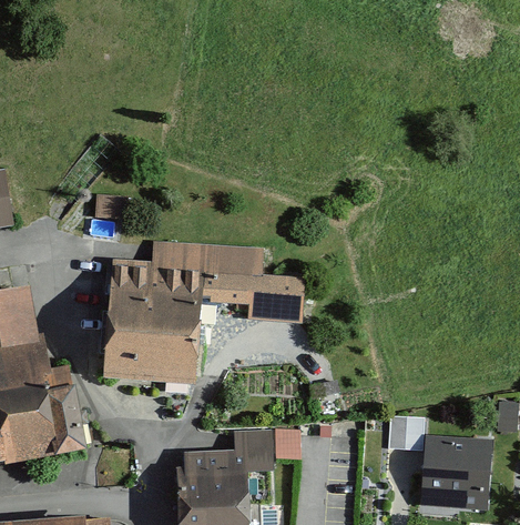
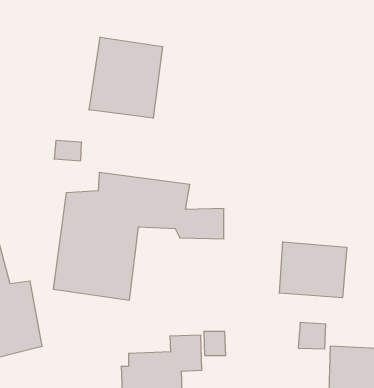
building: none -> [89,37,163,118]
building: none -> [279,242,347,298]

